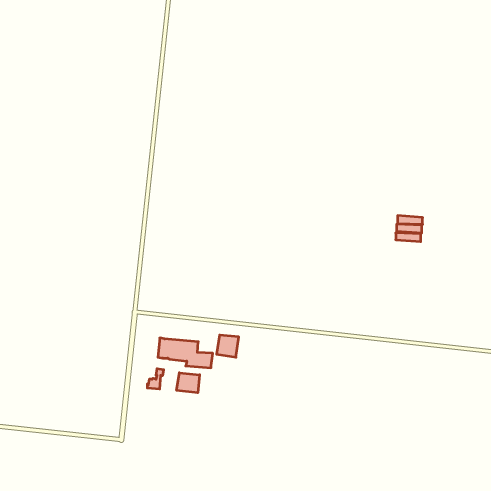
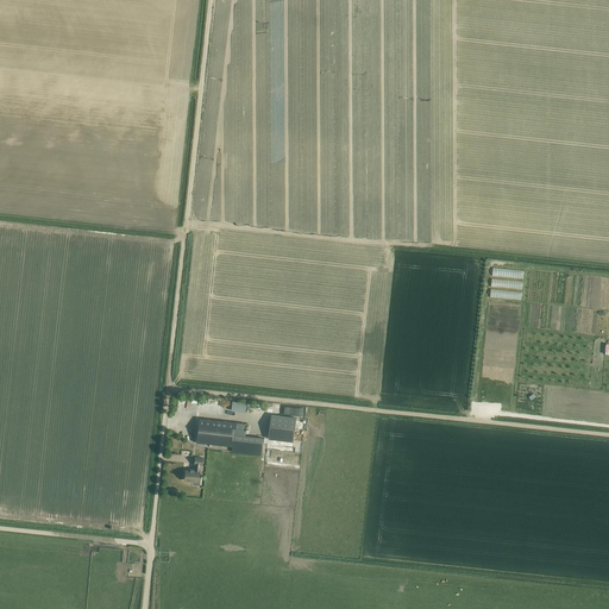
building: [177,373,200,393] -> none

